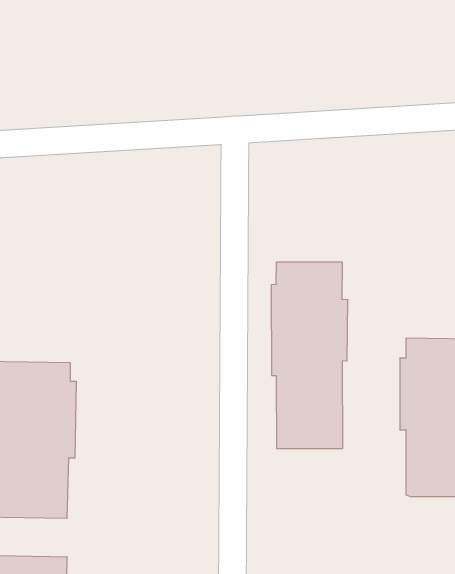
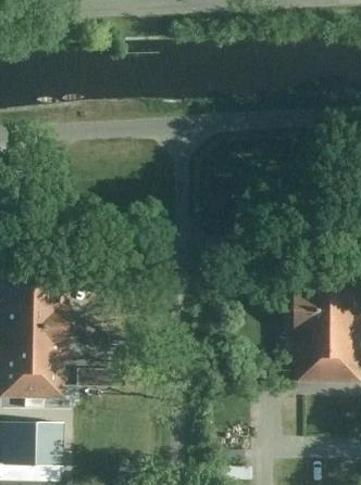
building: [272,262,348,449] -> none

